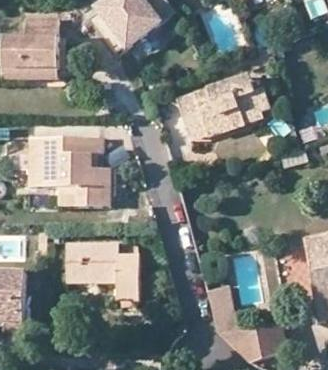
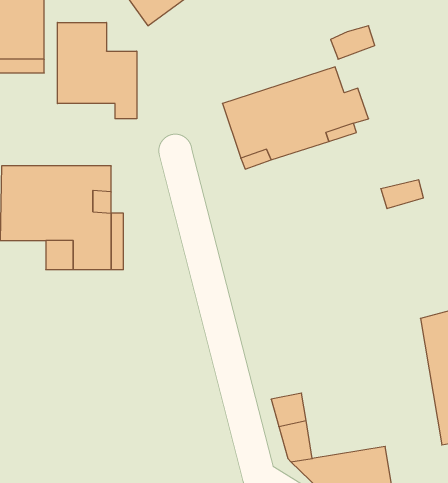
building: none -> [57,22,137,119]
building: [67,243,140,299] -> none

